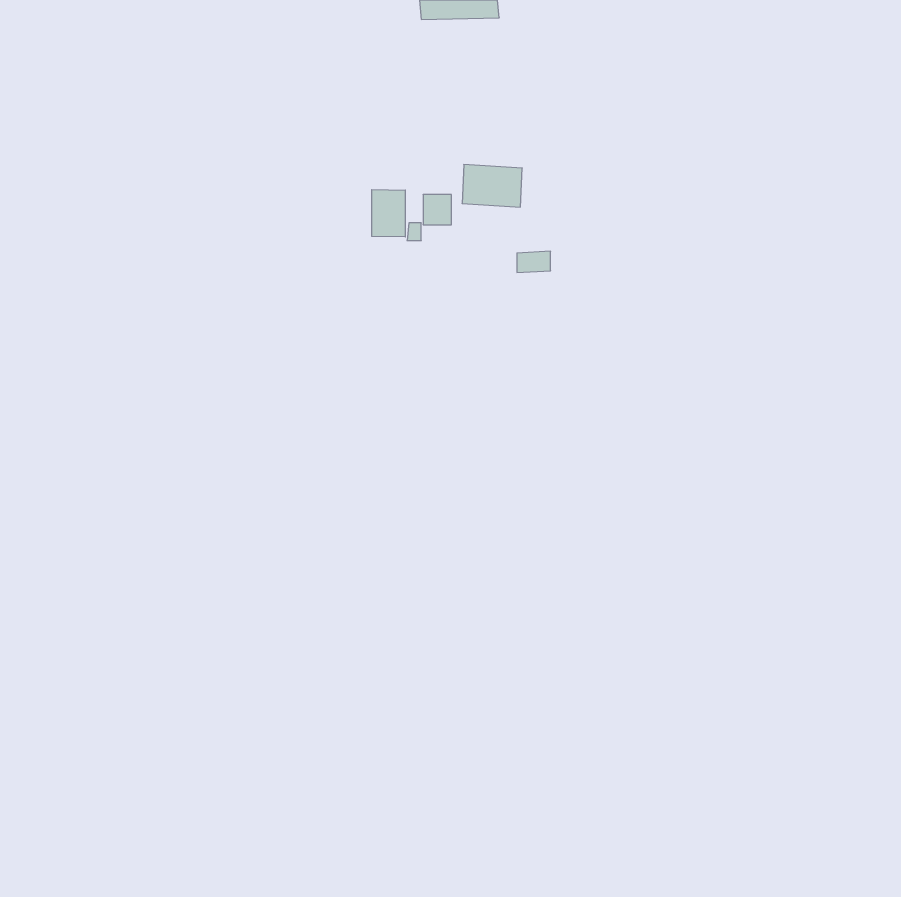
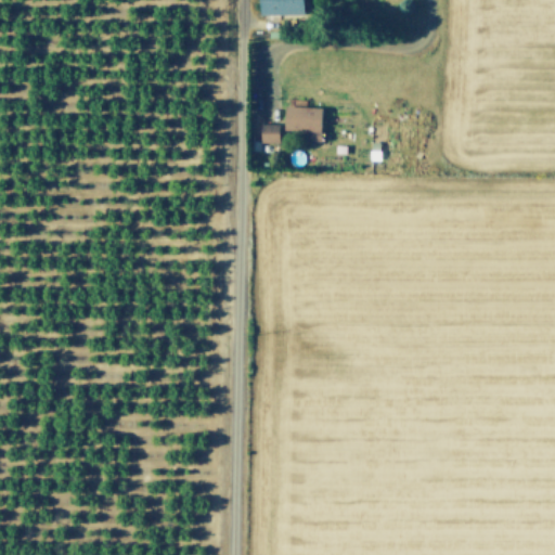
building: [372,190,405,237] -> none

